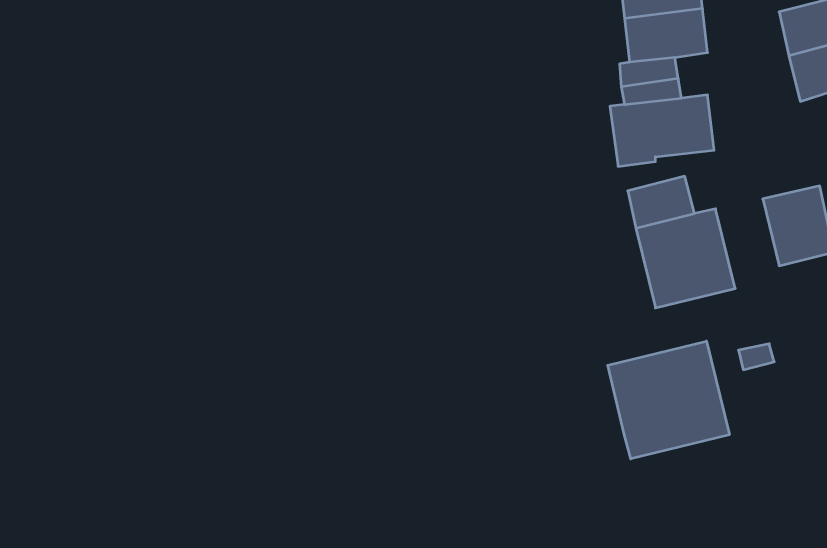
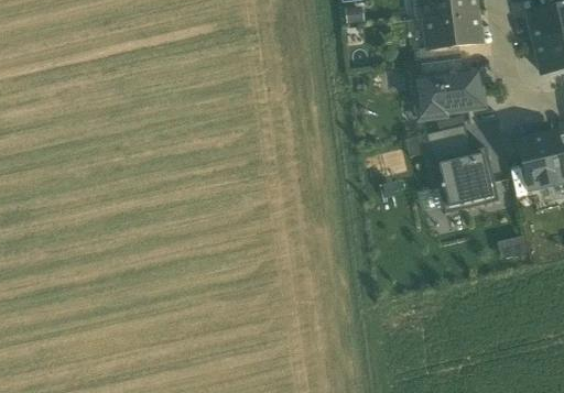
building: [608,341,729,459] -> none

